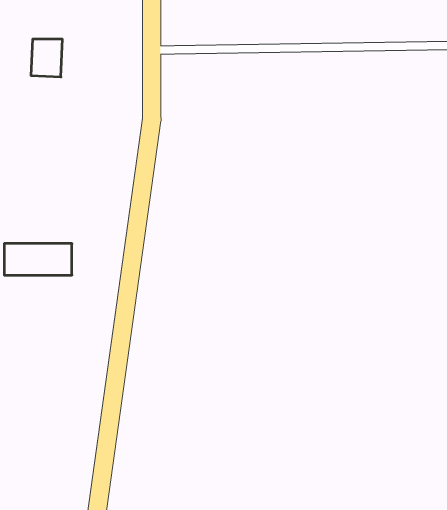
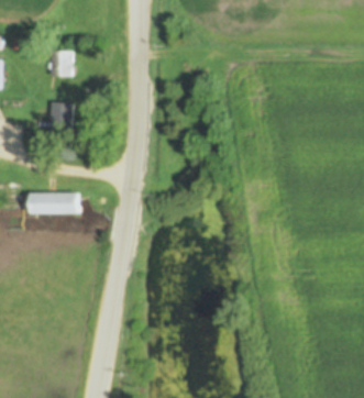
building: none -> [52,101,76,133]

